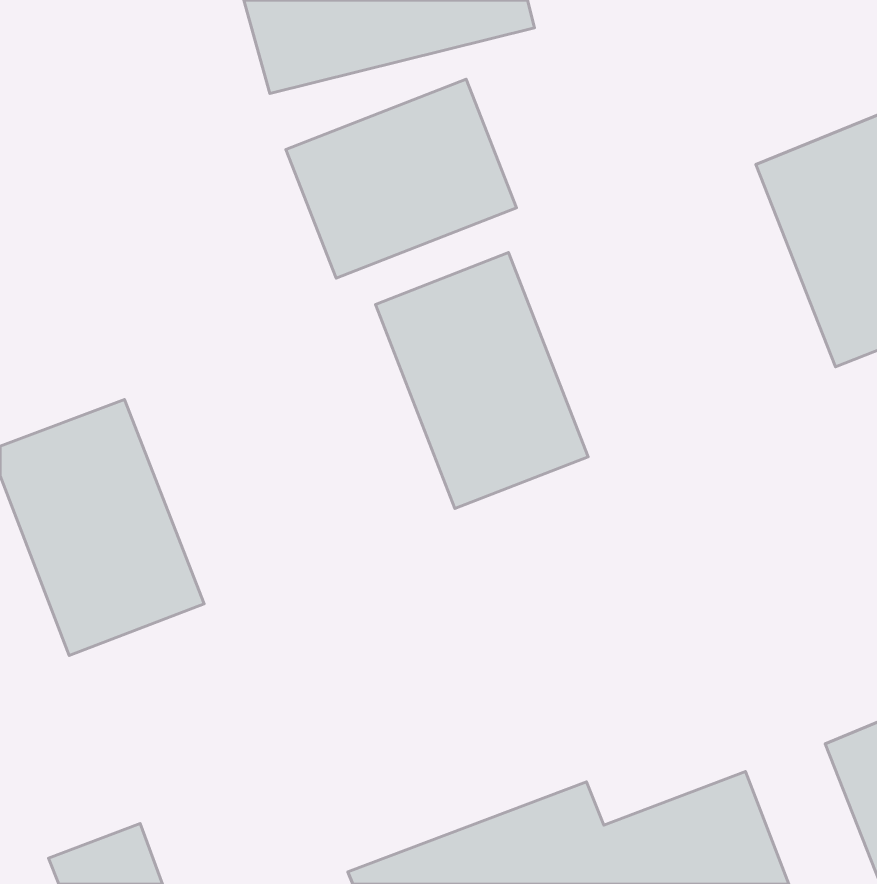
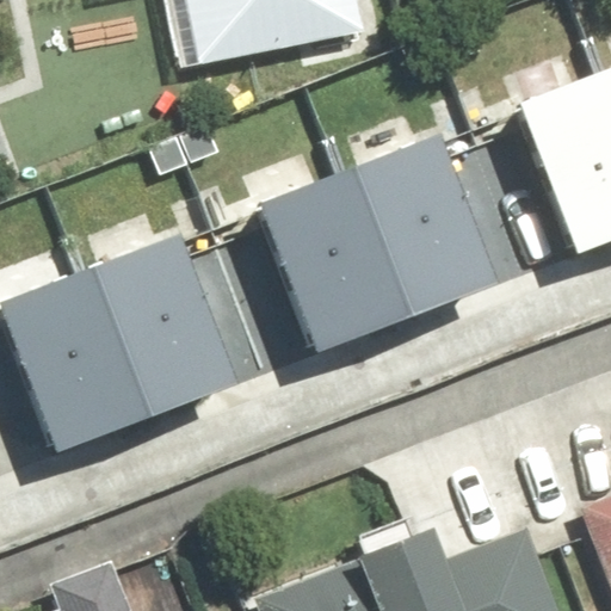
building: [286,79,516,278] -> none
building: none -> [356,138,504,315]
building: none -> [91,240,237,416]

